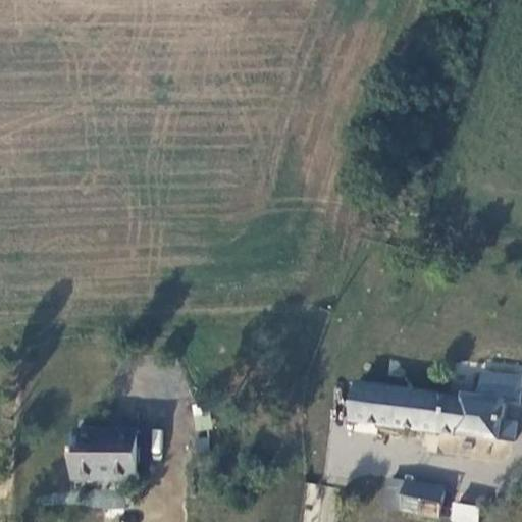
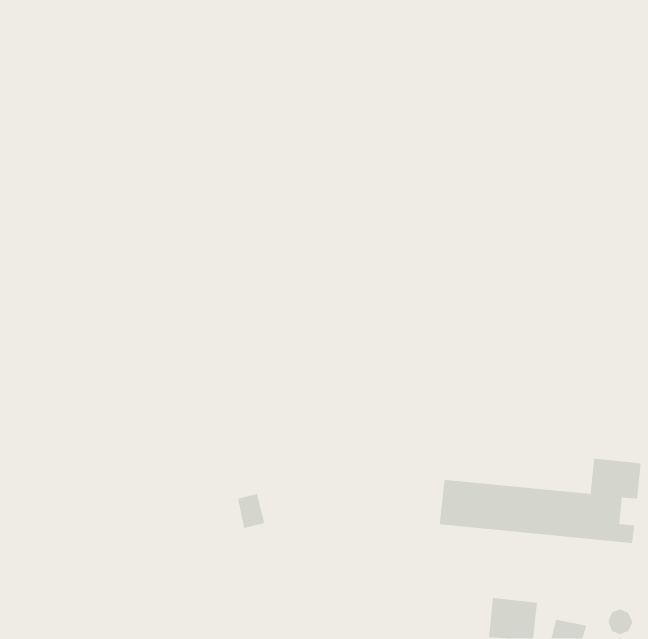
building: [77,441,142,490] -> none

